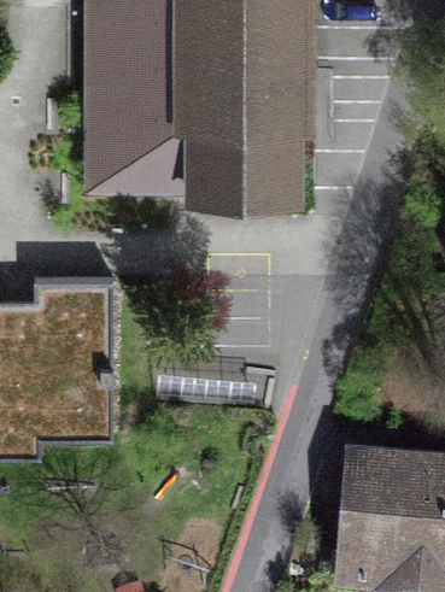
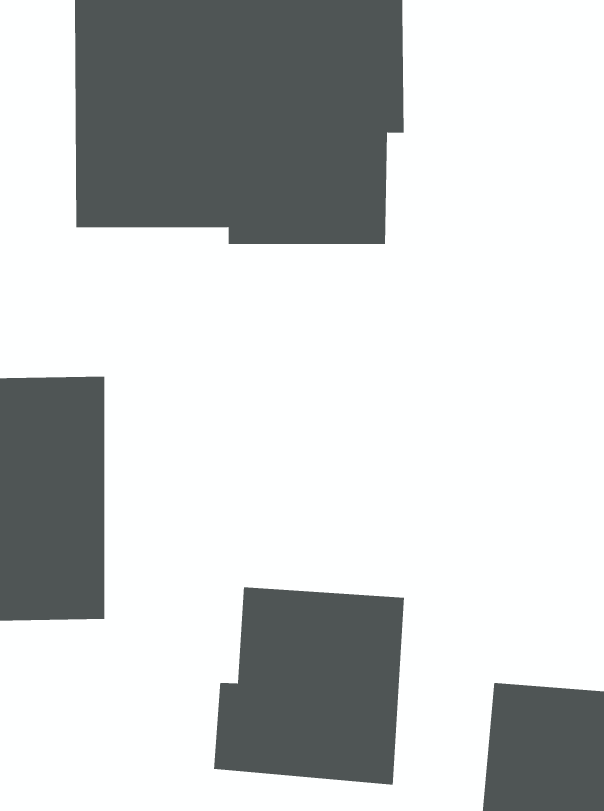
building: none -> [213,587,404,785]

